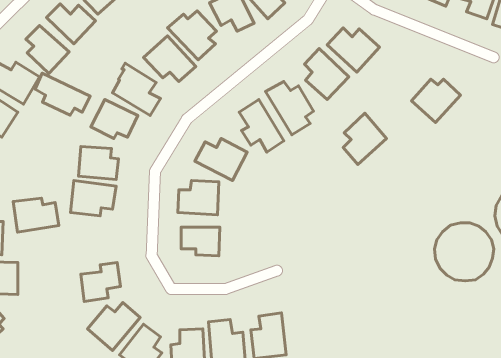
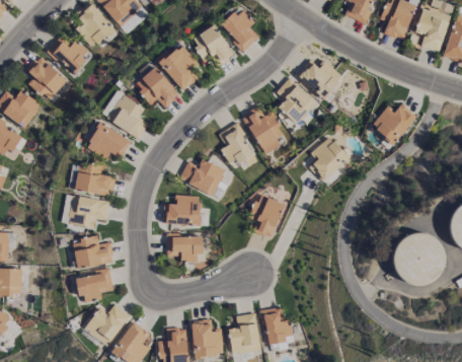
building: [35,73,90,115] -> none
building: none -> [251,195,284,236]
building: [13,198,59,232] -> [73,238,113,269]
building: none -> [260,308,293,343]

